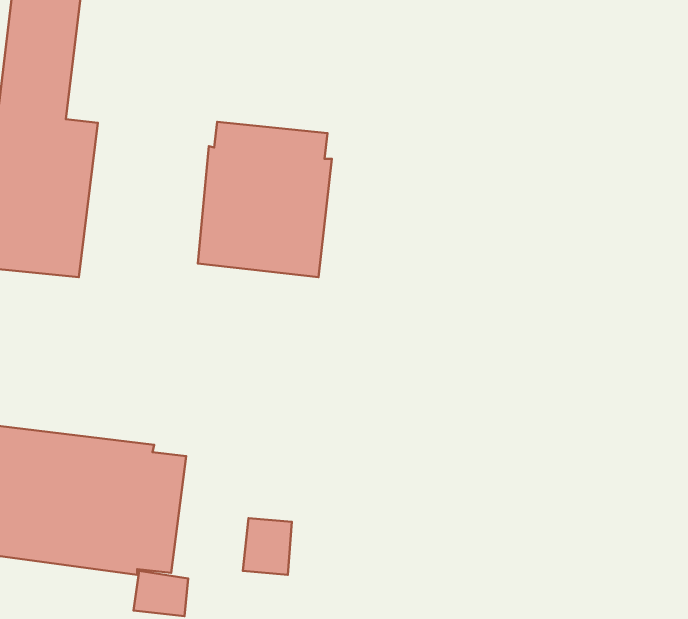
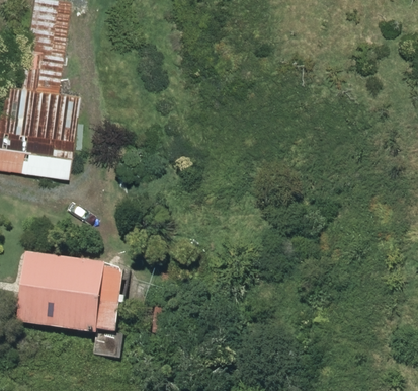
building: [198,122,332,277] -> none

